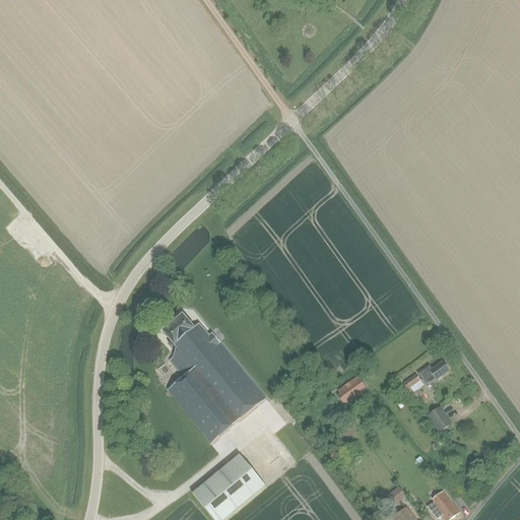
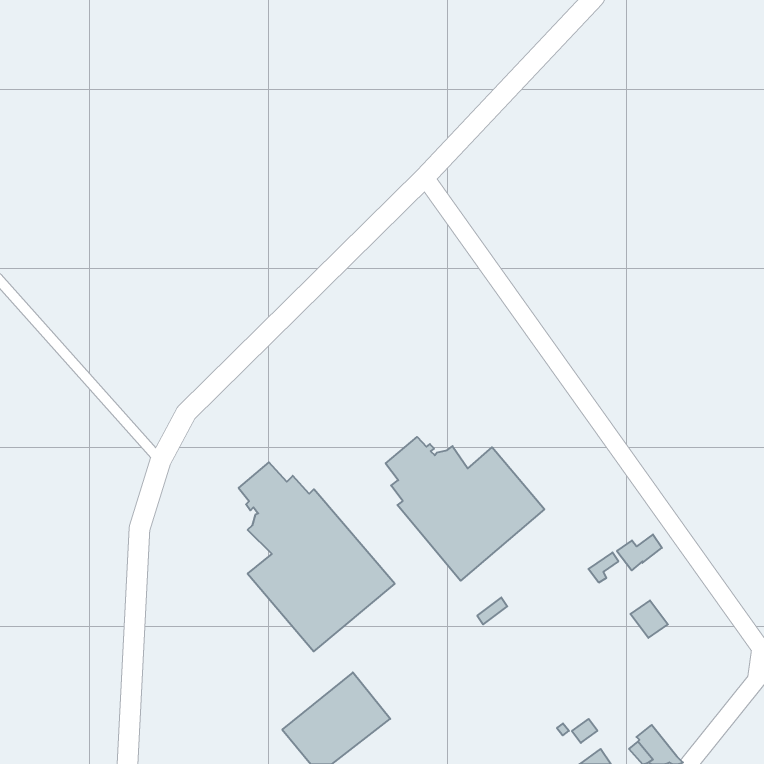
building: none -> [386,437,544,581]
building: [336,376,366,403] -> none

